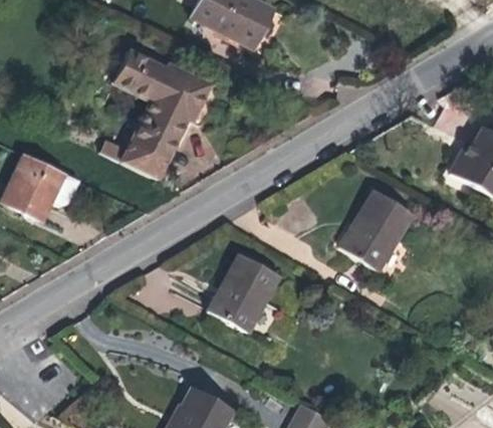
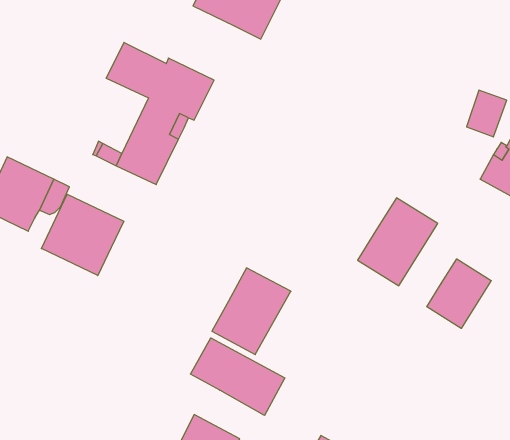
building: none -> [41,194,124,276]
building: none -> [427,259,491,328]
building: none -> [190,338,285,415]

